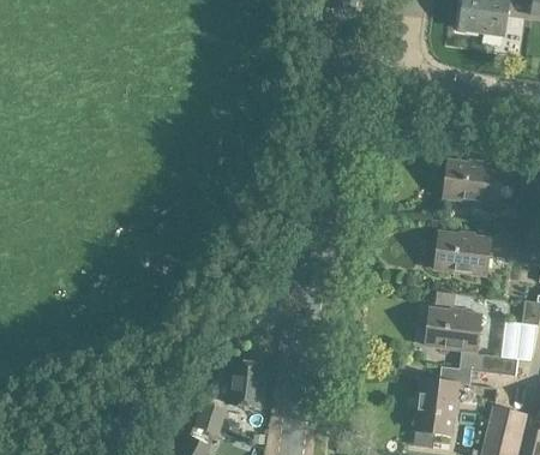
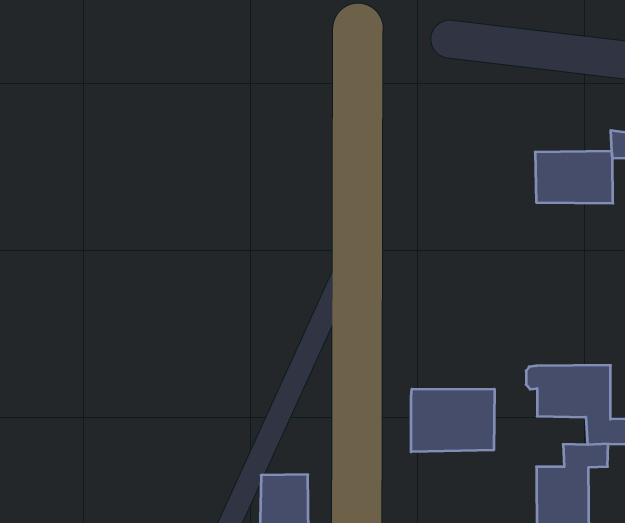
building: [432,232,492,274] -> none
building: none -> [411,389,494,452]

